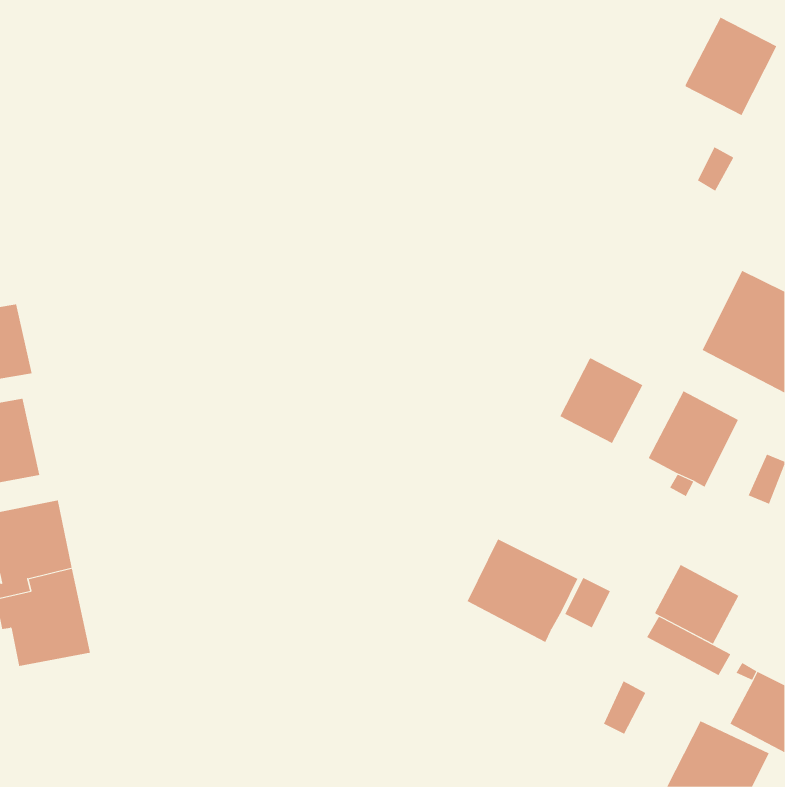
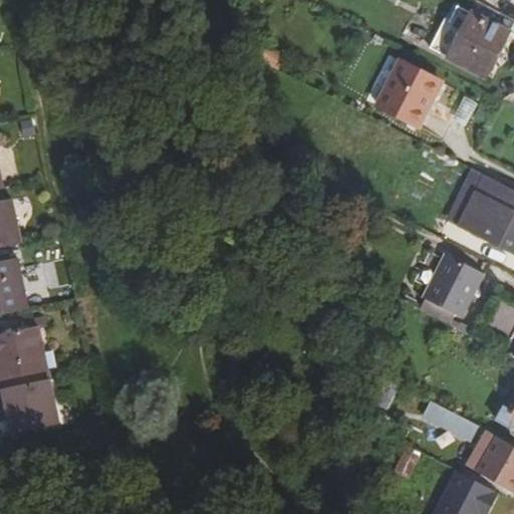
building: none -> [375,63,439,127]
building: [560,358,643,444] -> none
building: [467,538,578,643] -> none
building: [655,564,739,644] -> none

